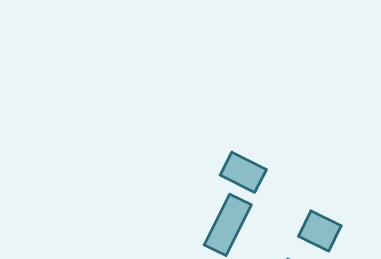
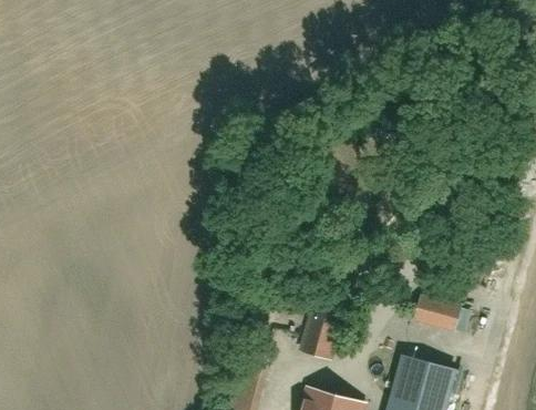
building: [220,152,266,192] -> none

